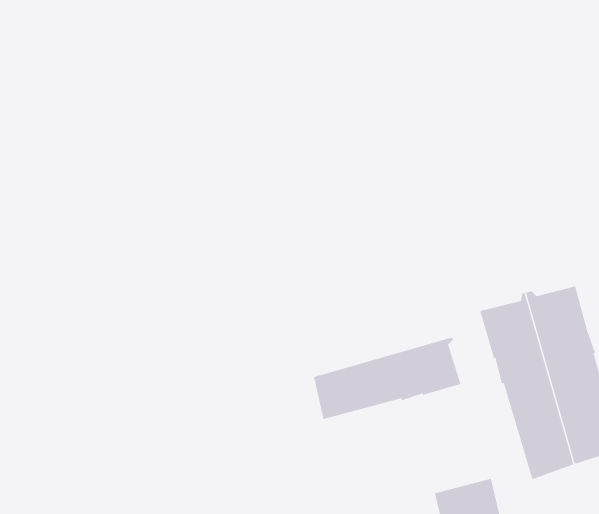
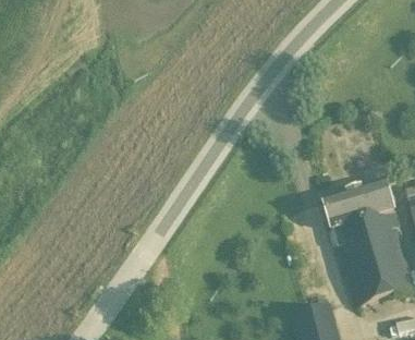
building: [313,337,461,420] -> none

